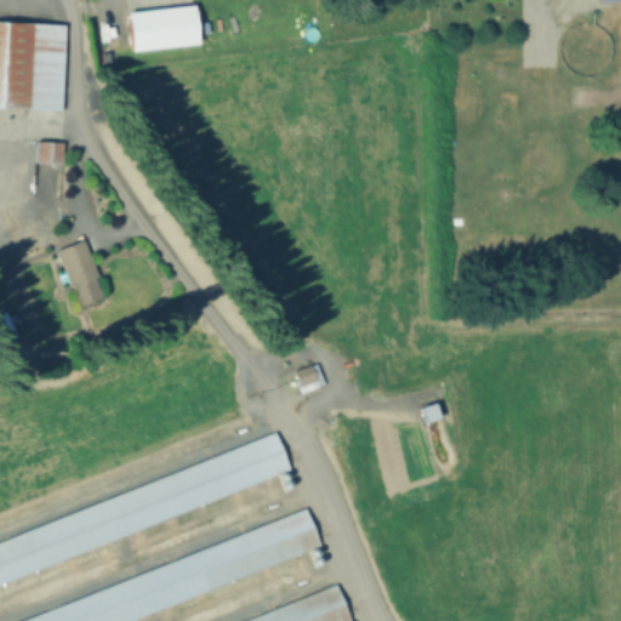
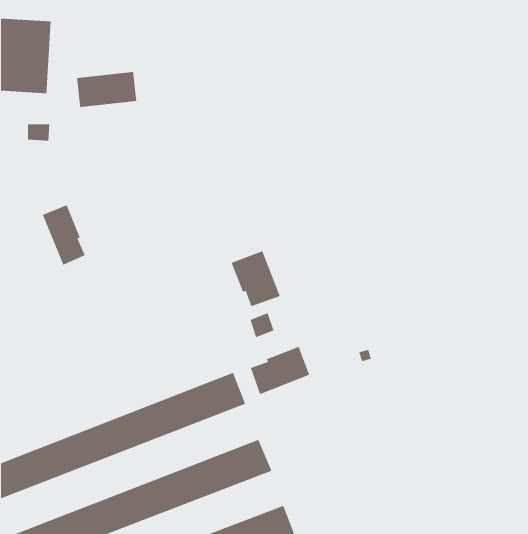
building: [129,6,199,49] -> [76,71,137,108]
building: none -> [231,250,281,307]
building: none -> [250,346,310,395]

